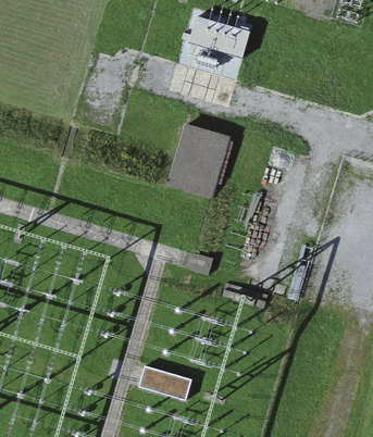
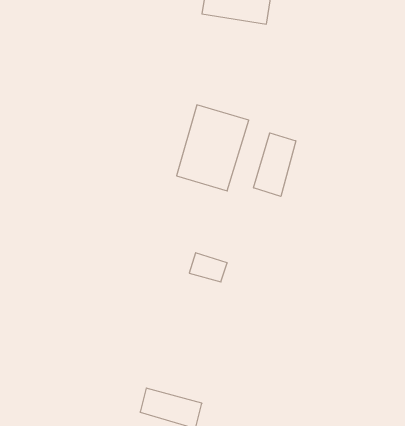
building: none -> [254,133,296,196]

